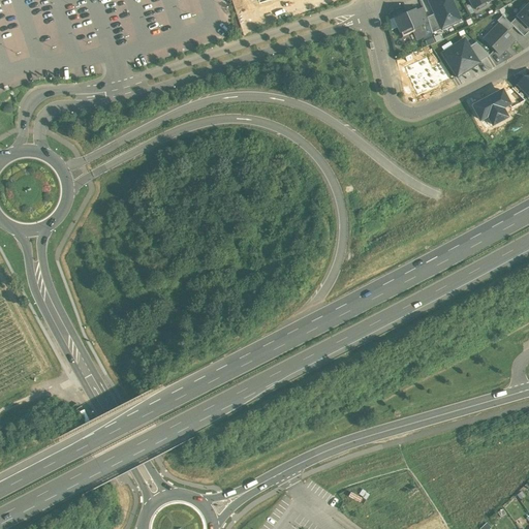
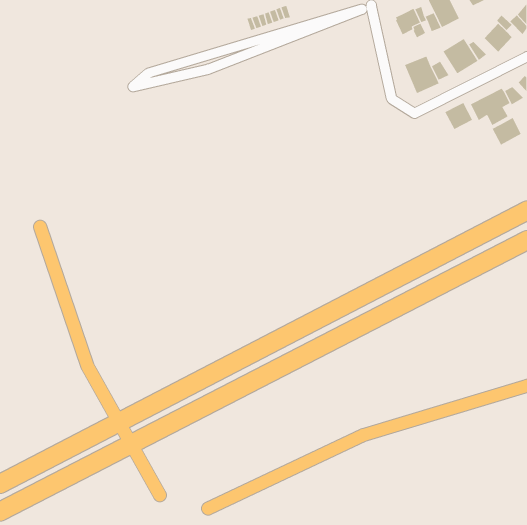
building: none -> [445,102,473,130]
building: none -> [492,117,522,146]

